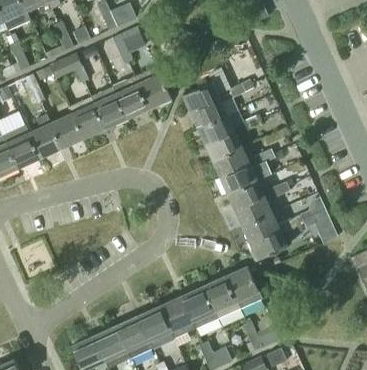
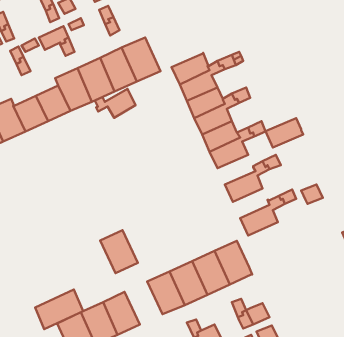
building: none -> [95,89,136,118]
building: [228,181,265,210] -> [266,118,303,148]
building: [243,214,279,243] -> none
building: [137,305,174,347] -> [100,230,138,273]
building: none -> [35,289,83,329]

